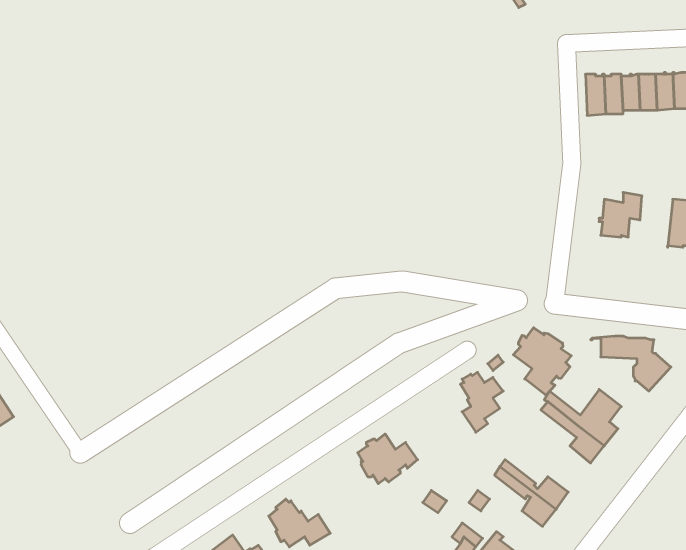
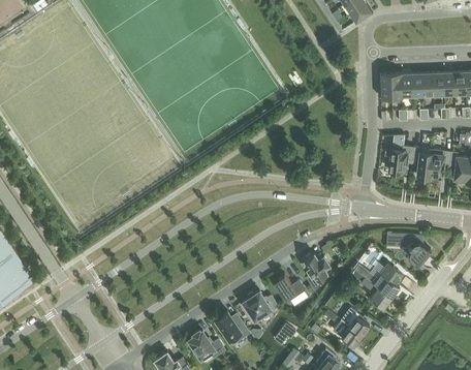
building: none -> [412,148,432,179]
building: [513,328,571,395] -> none
building: none -> [272,274,304,302]
building: none -> [215,312,250,346]

